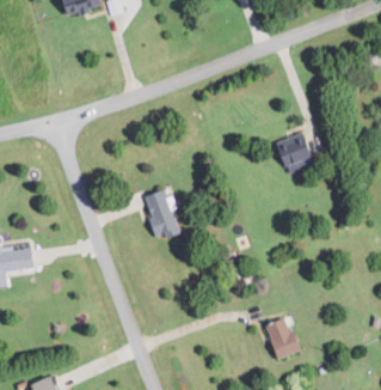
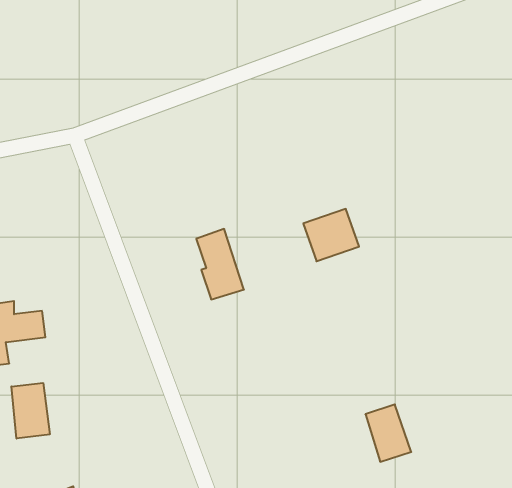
building: [275,132,315,170] -> [303,209,359,261]
building: none -> [11,383,50,439]

